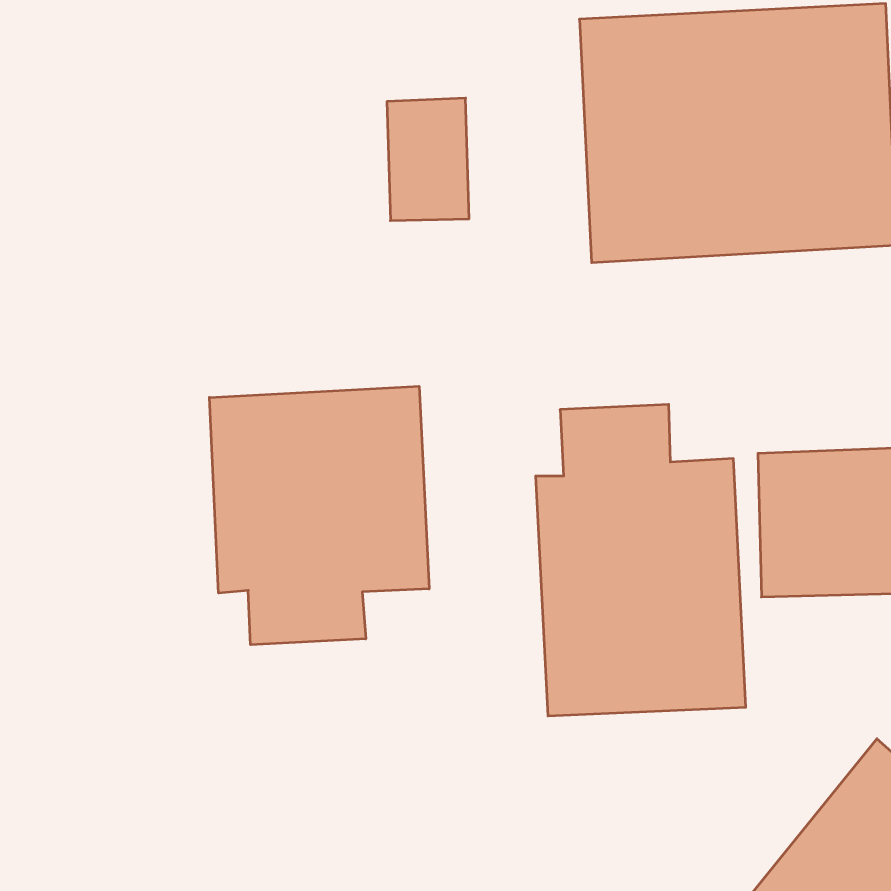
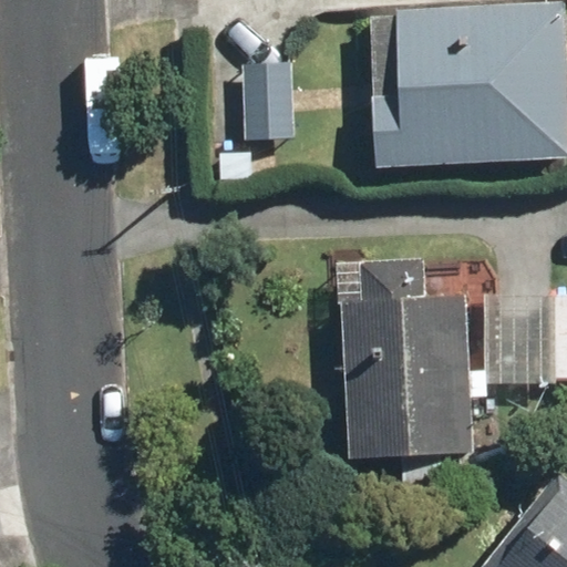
building: [209,386,429,645] -> none

